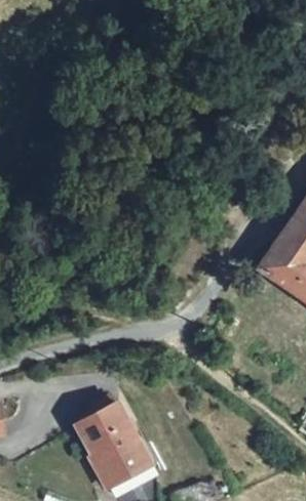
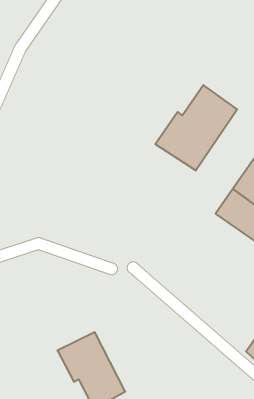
building: none -> [155,85,237,171]

